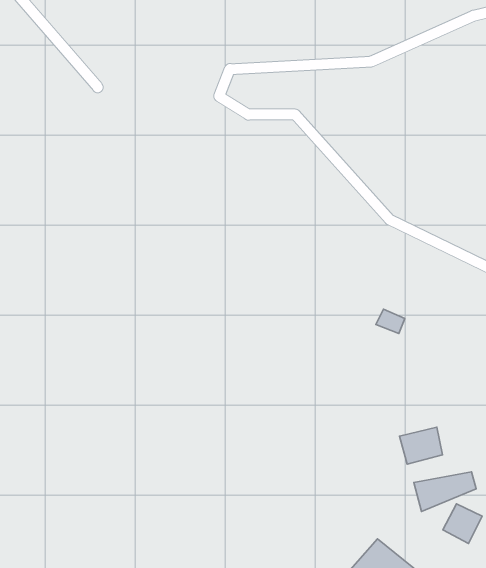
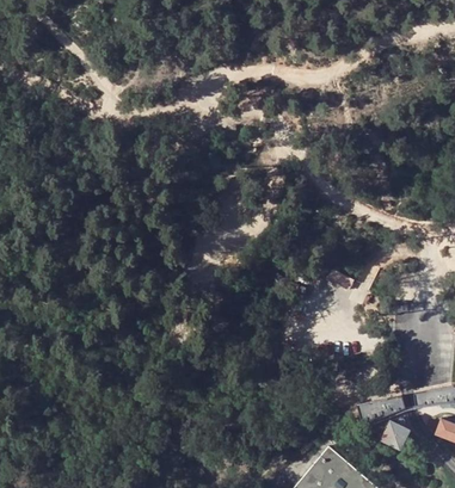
building: [400,427,442,464] -> none

